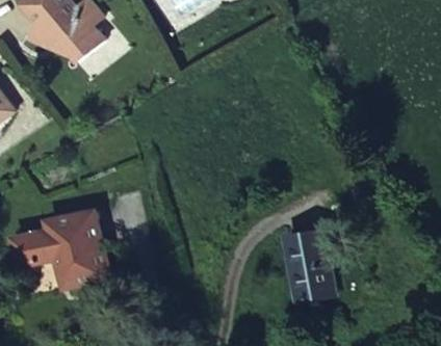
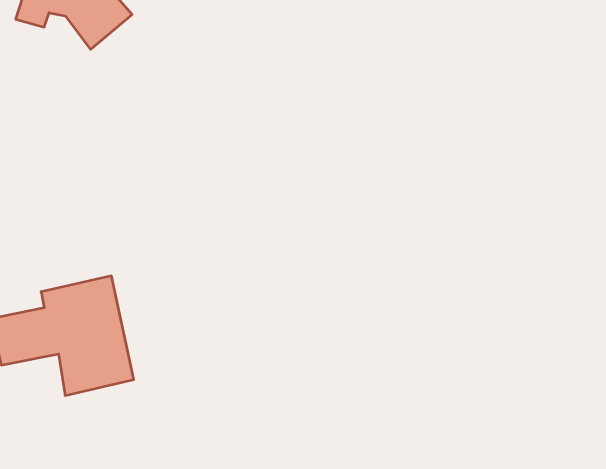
building: [278,224,327,296] -> none

